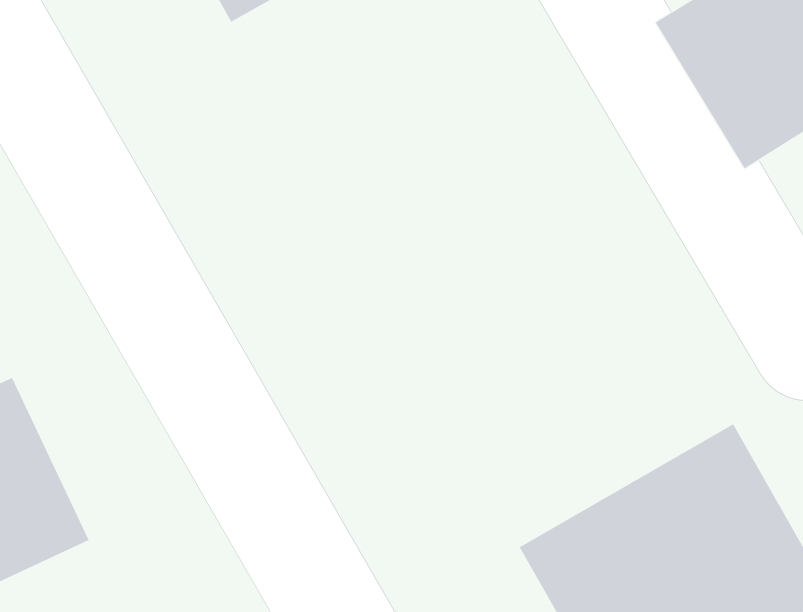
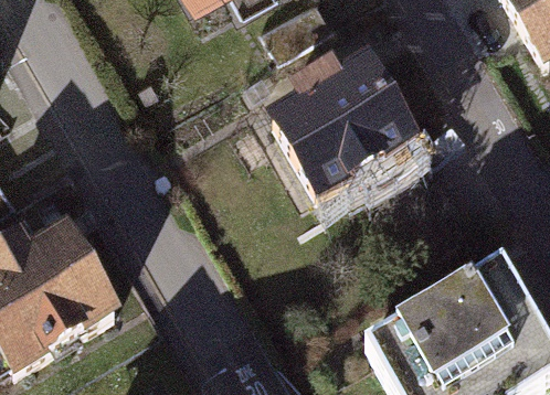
building: none -> [253,64,420,221]

